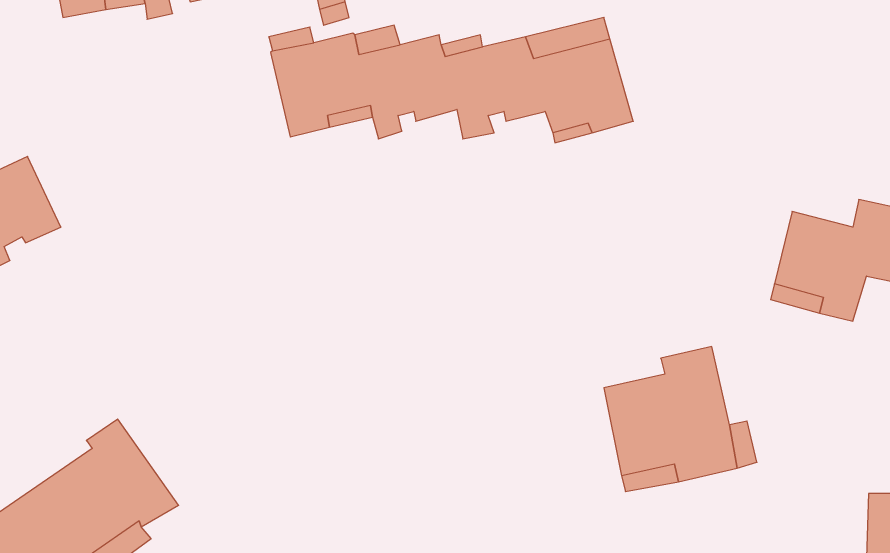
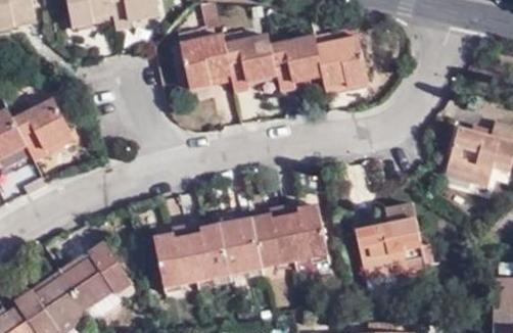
building: none -> [152,199,325,287]

